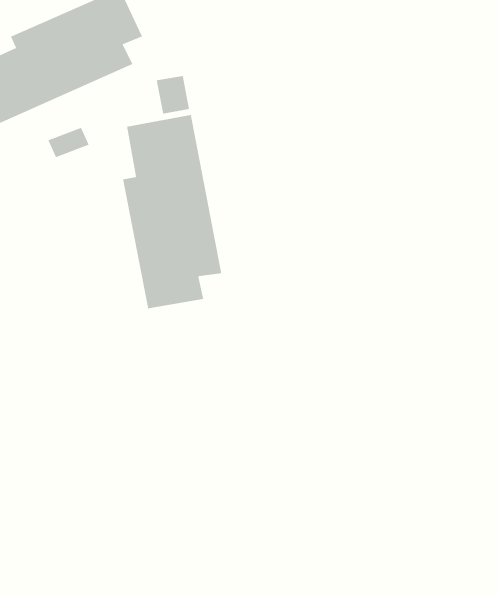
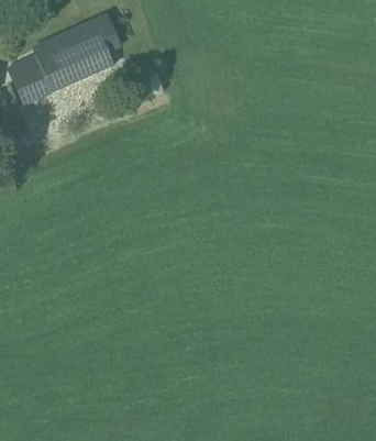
building: [123,114,222,309] -> none

